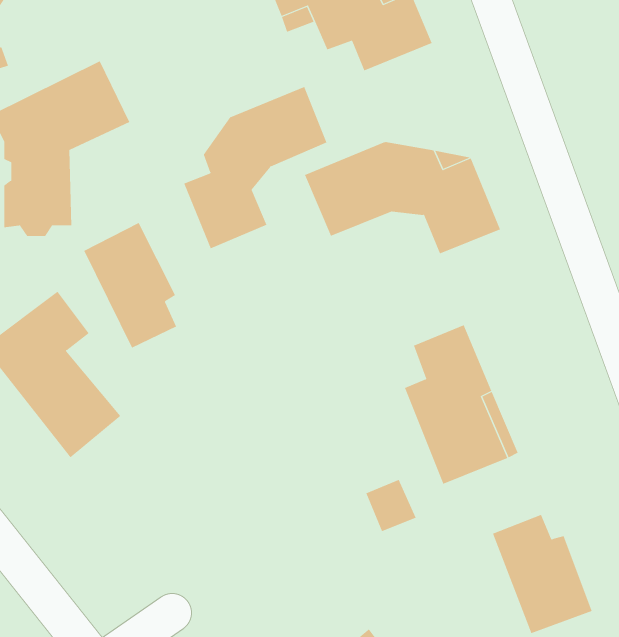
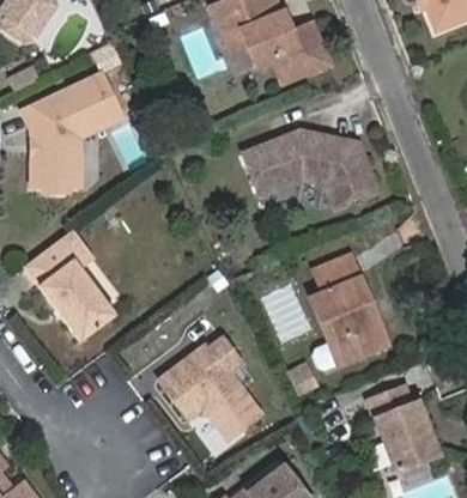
building: [183,86,327,249] -> none
building: [84,222,177,348] -> none
building: none -> [159,340,262,443]

